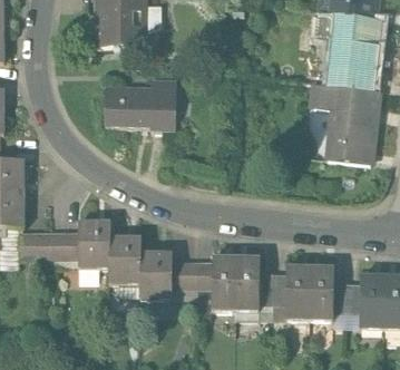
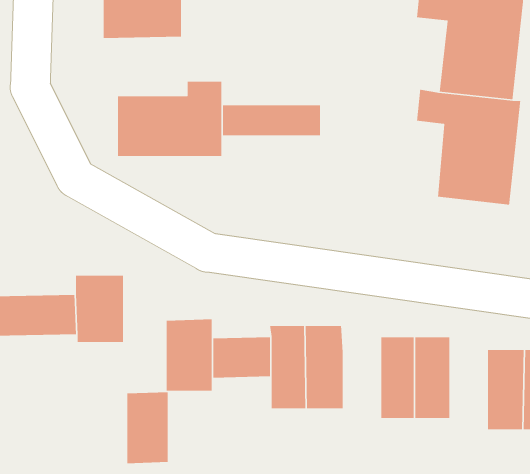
building: none -> [222,105,321,136]
building: [108,233,137,283] -> [127,391,169,464]
building: [260,272,285,304] -> none
building: [333,283,359,325] -> none

